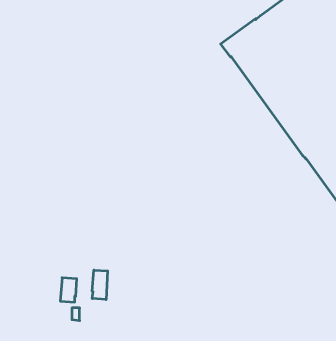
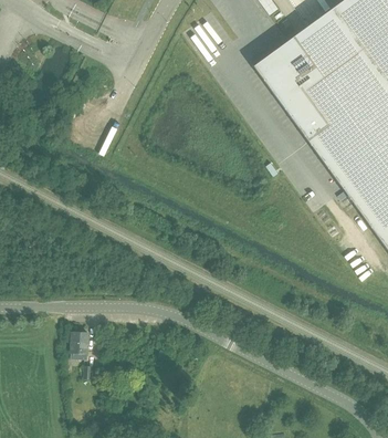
building: [92,270,108,300] -> none

